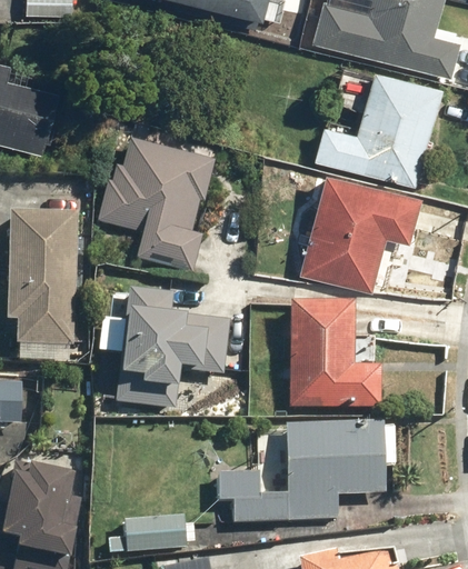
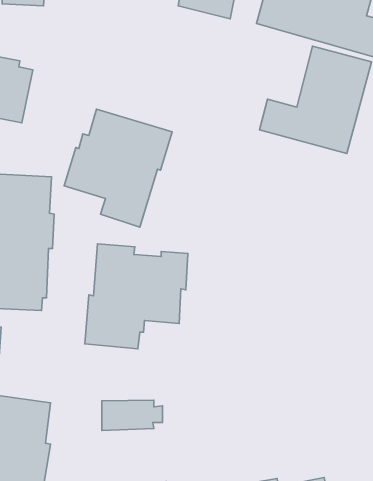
building: [296,167,421,293] -> none
building: [289,300,380,408] -> none
building: [212,423,387,522] -> none
building: [122,517,191,551] -> [102,400,163,430]

